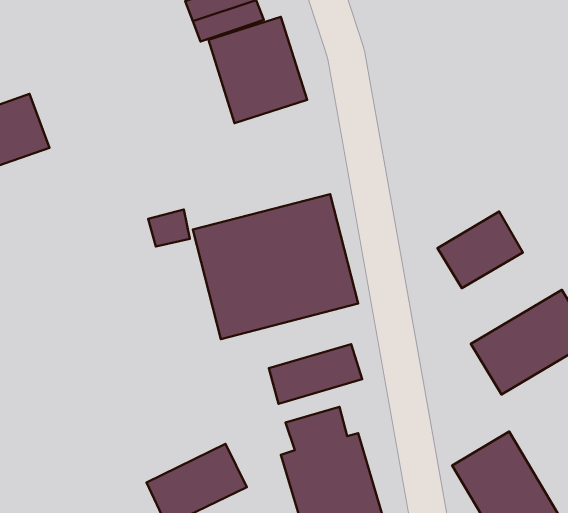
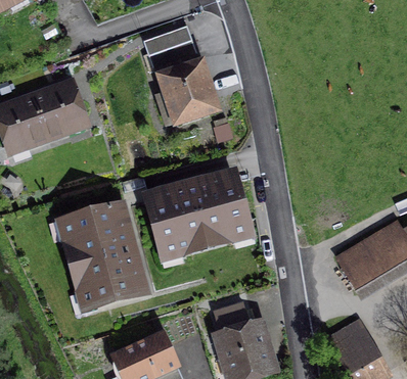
building: none -> [40,80,94,131]
building: [437,212,523,288] -> none
building: none -> [47,202,150,315]
building: [269,344,362,404] -> none

